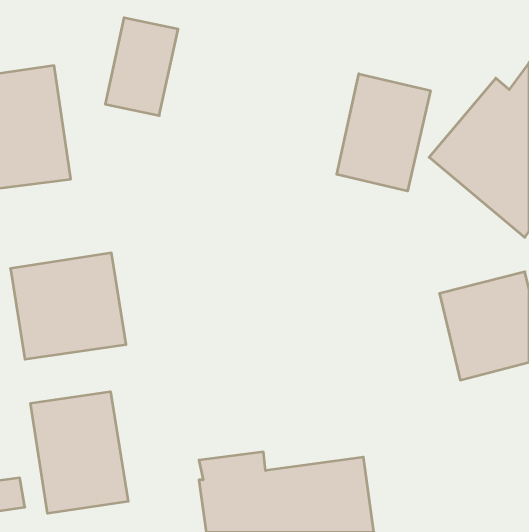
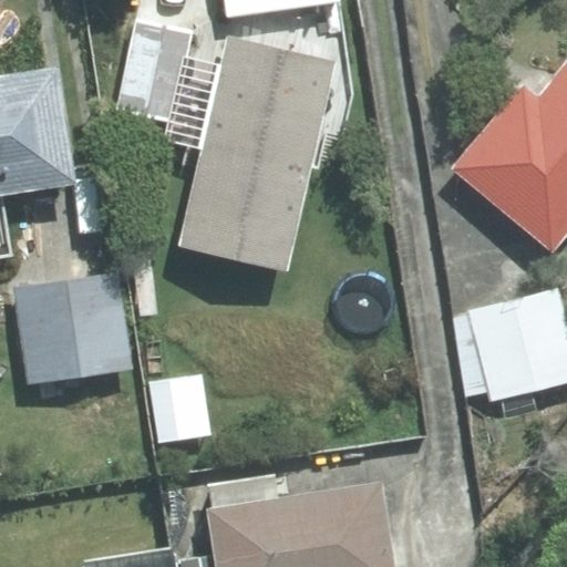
building: none -> [177,39,336,272]
building: [337,74,430,191] -> none
building: [31,392,128,513] -> none

